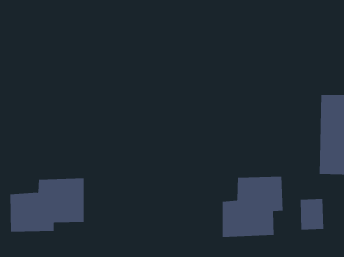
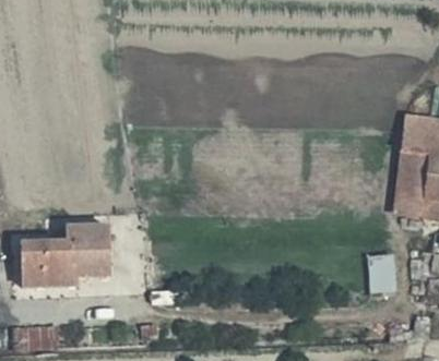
building: [222,176,283,238] -> none

